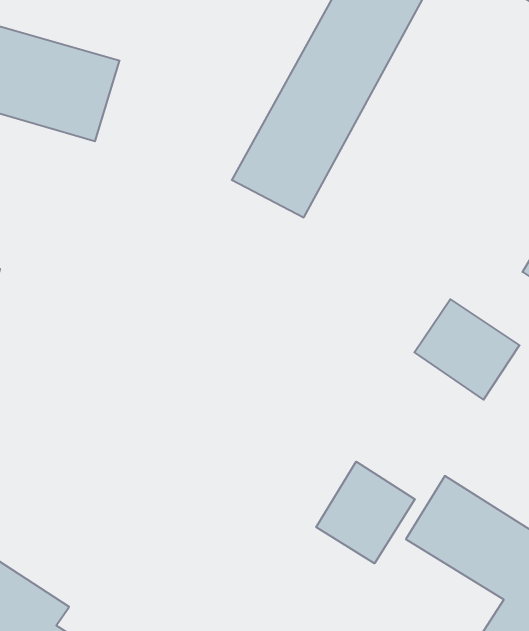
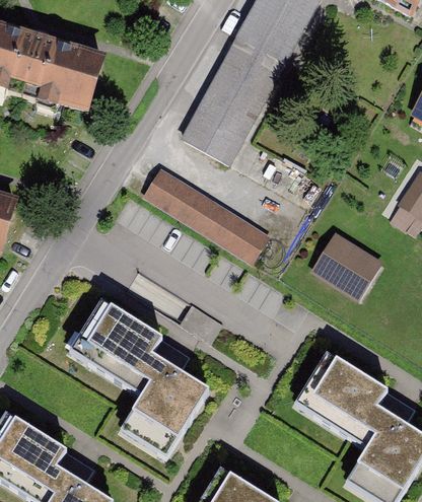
building: none -> [142,169,271,267]
building: none -> [75,299,203,445]
building: [316,462,415,563] -> none

